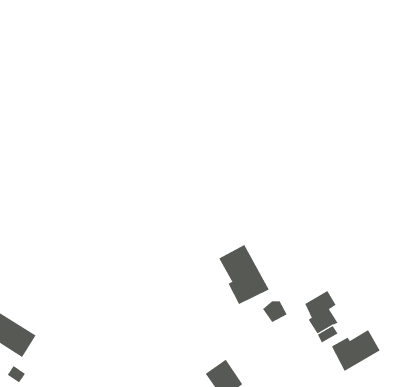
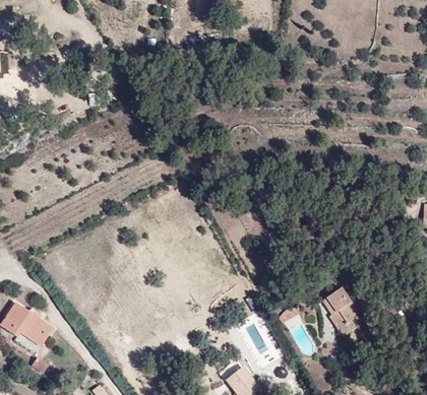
building: [219,244,269,305] -> none
building: [331,329,381,372] -> none

